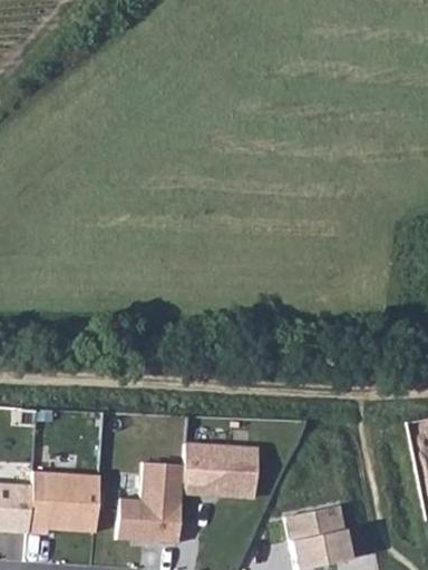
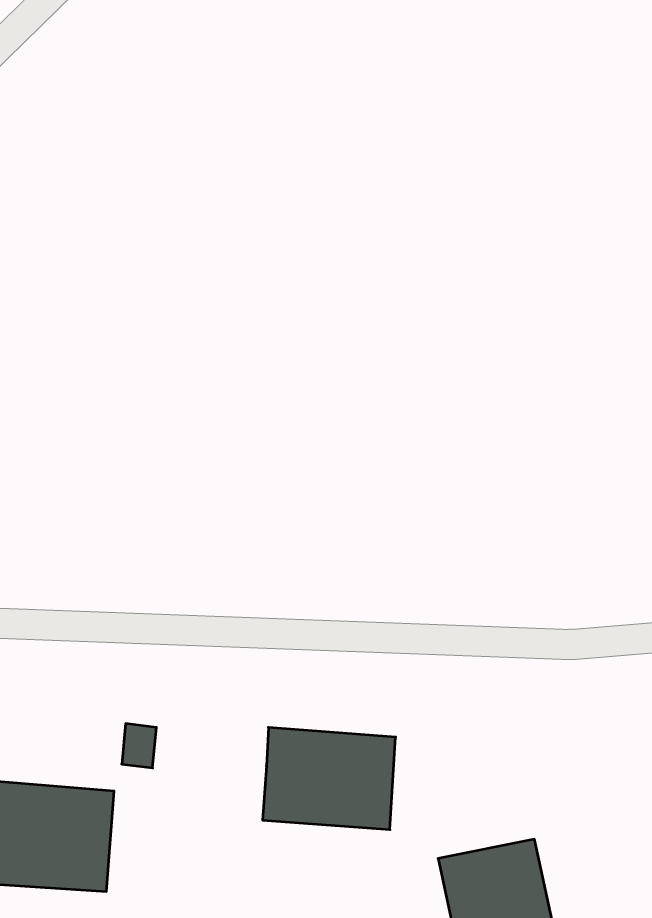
building: [118,460,186,541] -> none

